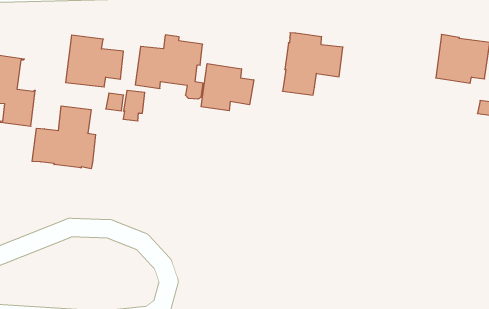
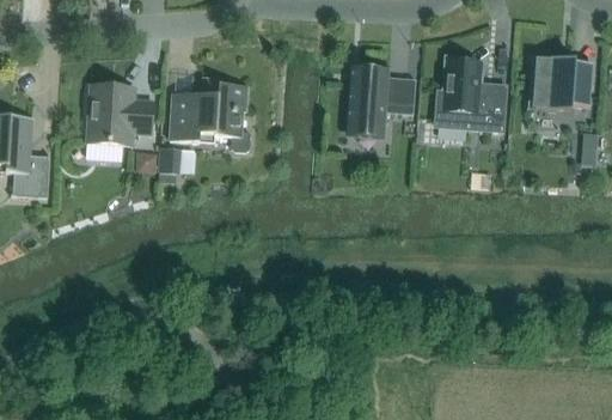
building: none -> [436,55,504,130]
building: [201,64,254,111] -> none
building: [32,106,96,169] -> none

